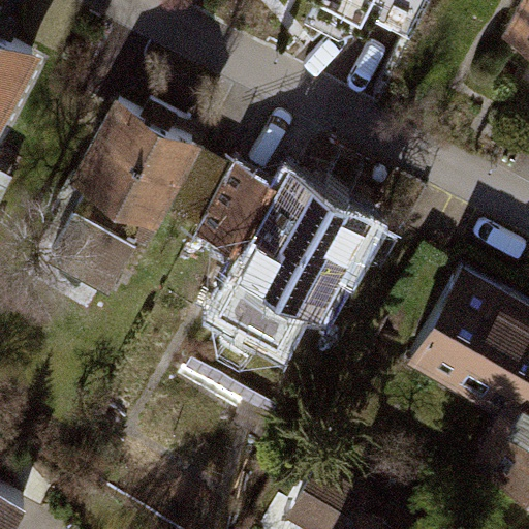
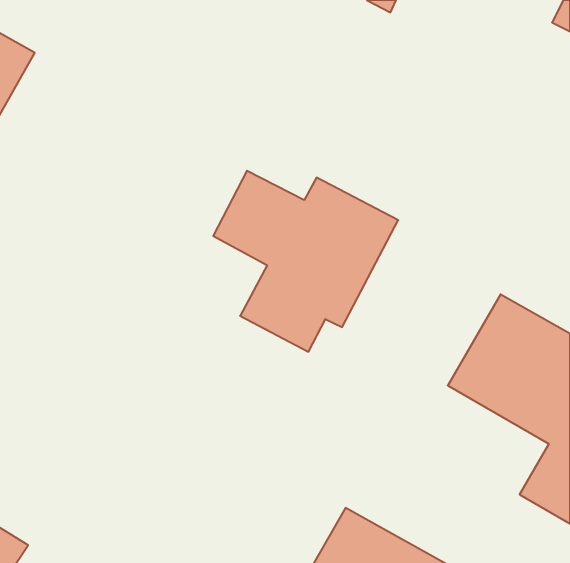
building: [52,106,227,287] -> none

